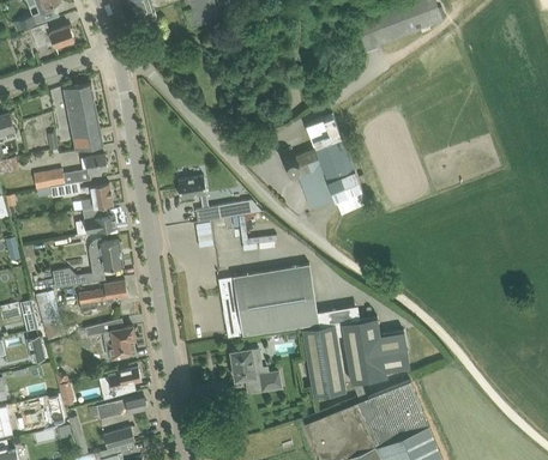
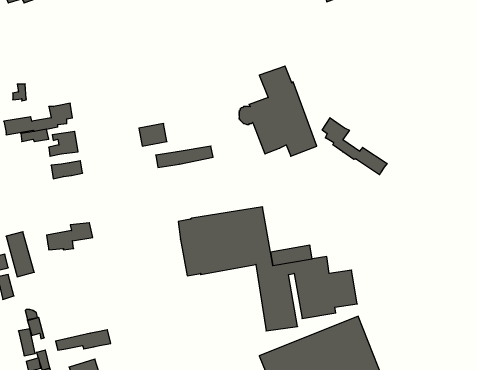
building: [62,84,102,152] -> none
building: none -> [322,118,387,175]
building: [52,240,122,288] -> none
building: [84,320,134,359] -> none
building: [229,349,281,392] -> none
building: [101,368,140,400] -> none

